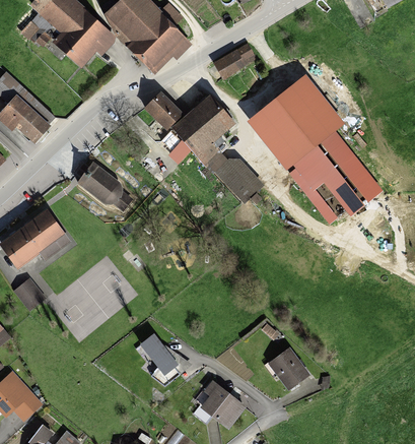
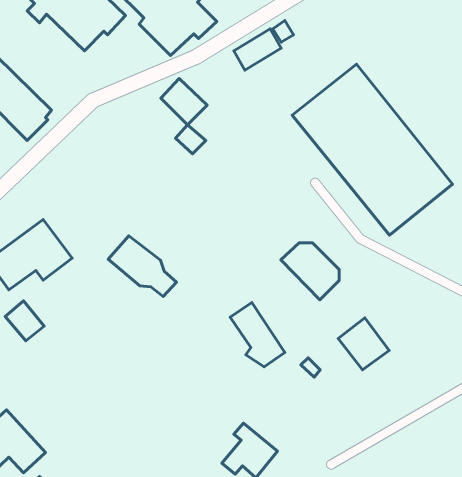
building: [170,94,232,168] -> none
building: [212,158,261,206] -> [281,243,339,300]
building: [75,162,132,212] -> [108,236,176,297]
building: [142,331,188,385] -> [230,303,285,367]
building: [267,347,309,391] -> [338,318,389,370]

